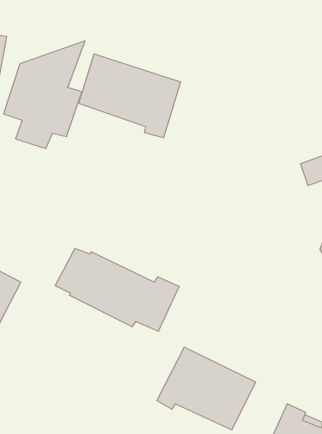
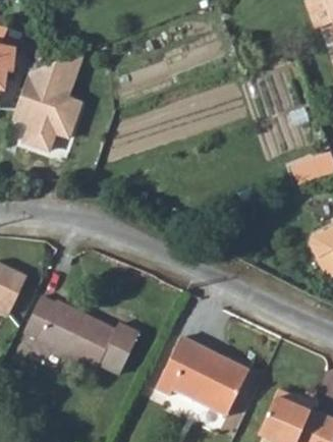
building: [79,54,180,138] -> none
building: [55,249,179,331] -> [21,296,137,374]

